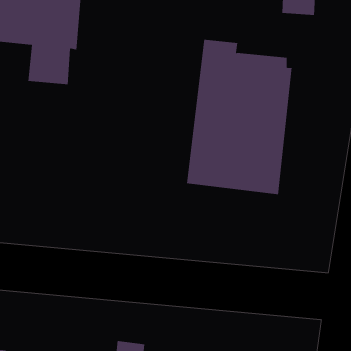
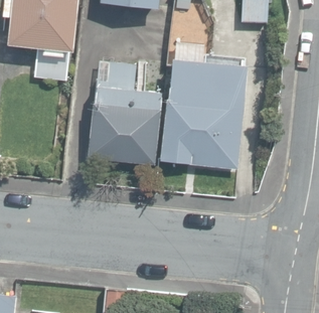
building: none -> [89,60,162,166]

